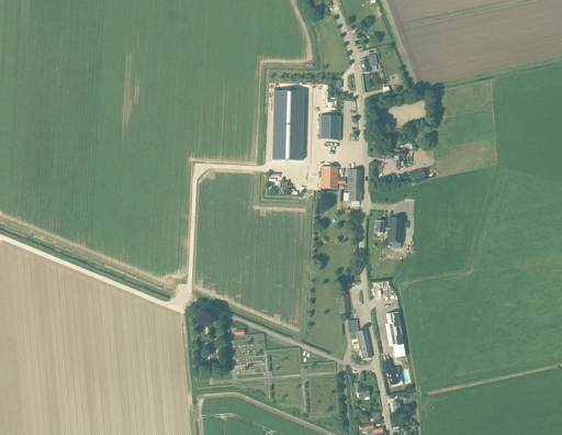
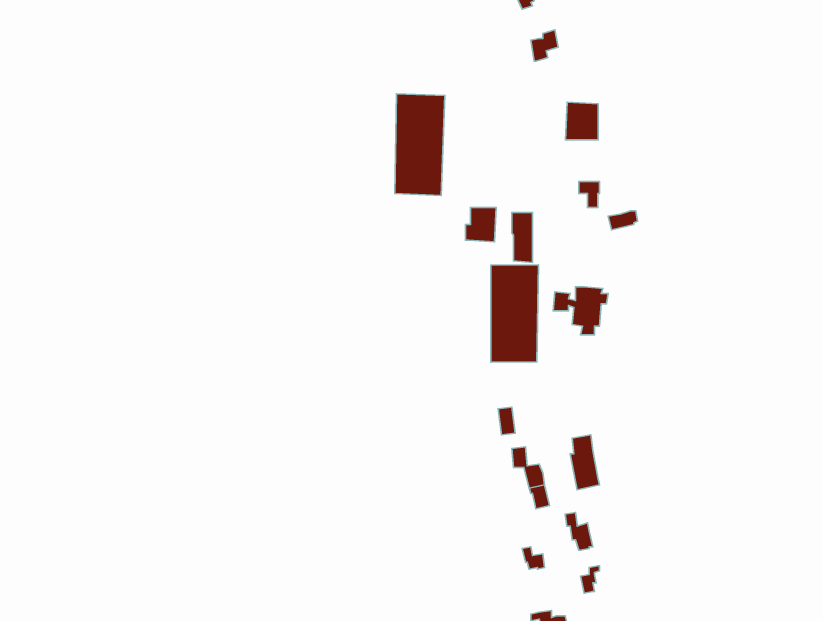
building: [319,114,340,138] -> [566,102,598,140]
building: none -> [491,265,539,362]

